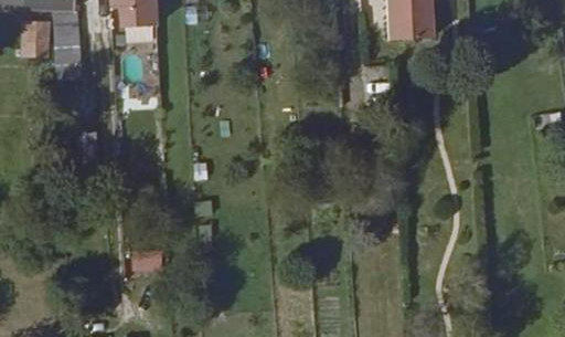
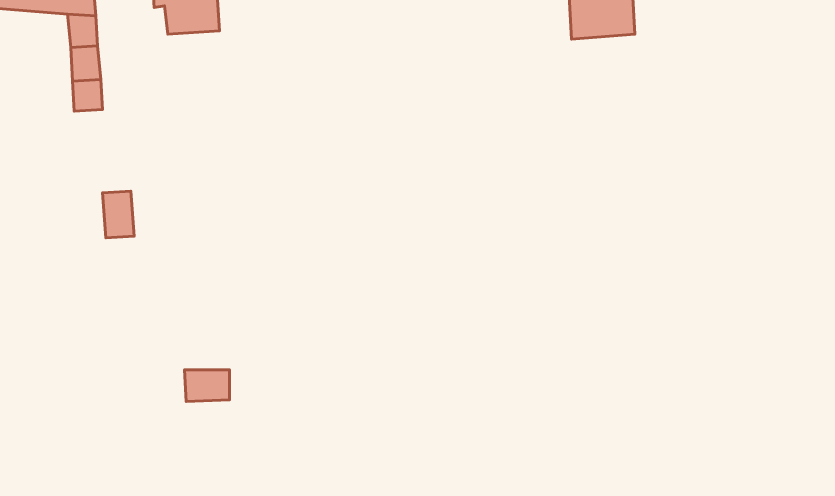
building: [19,14,49,53] -> none

